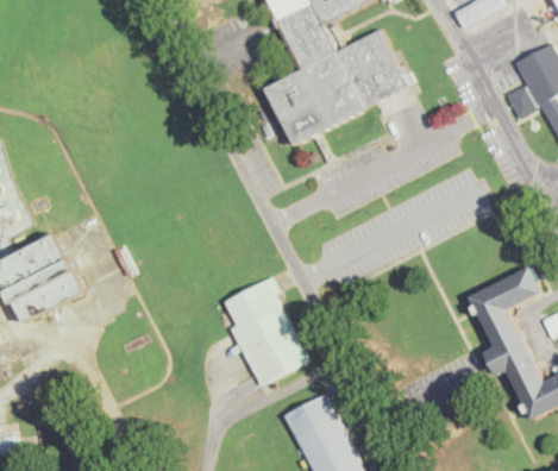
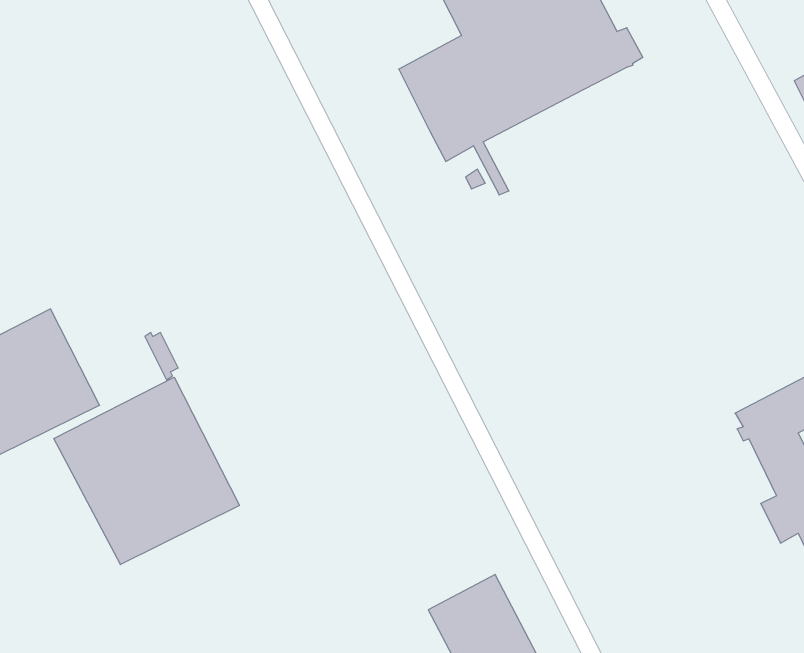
building: none -> [54,377,239,565]
building: [224,276,306,384] -> none

